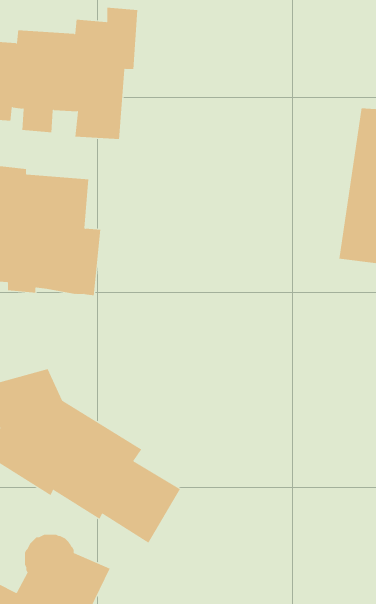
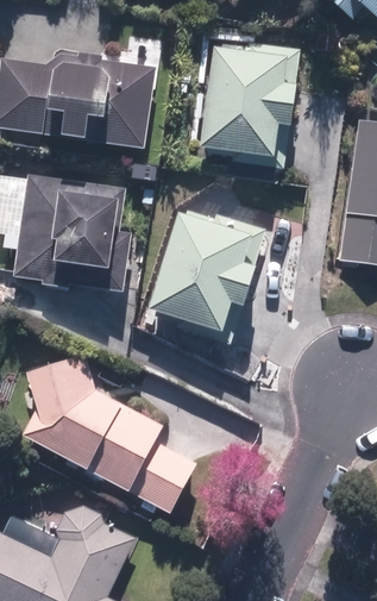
building: none -> [197,50,291,170]
building: none -> [143,195,266,342]

